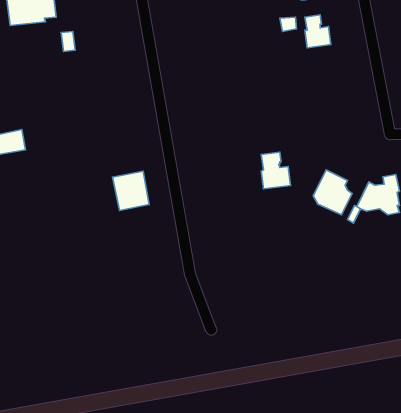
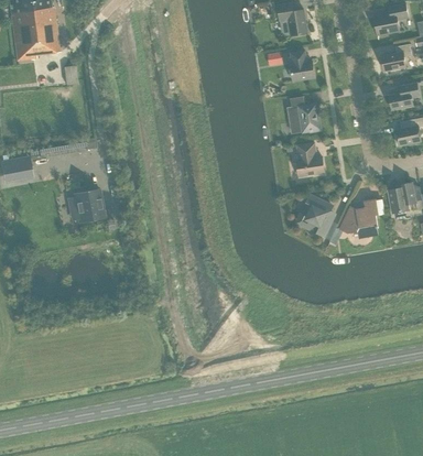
building: none -> [286,96,321,133]
building: [261,152,291,189] -> [296,142,324,176]
building: [113,171,149,210] -> [70,186,105,222]

